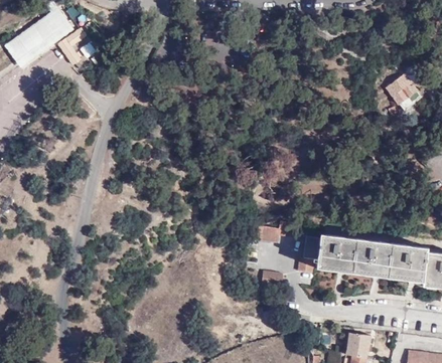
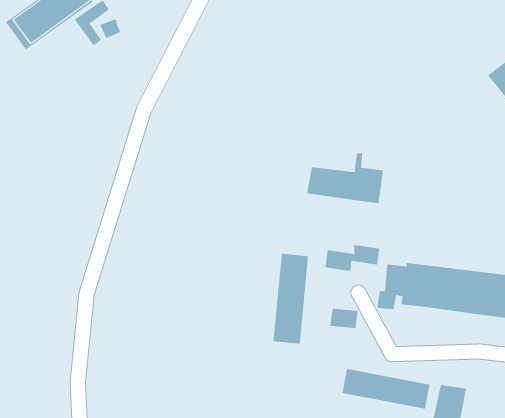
building: none -> [307,152,384,204]
building: none -> [273,253,309,345]
building: none -> [342,368,430,409]

